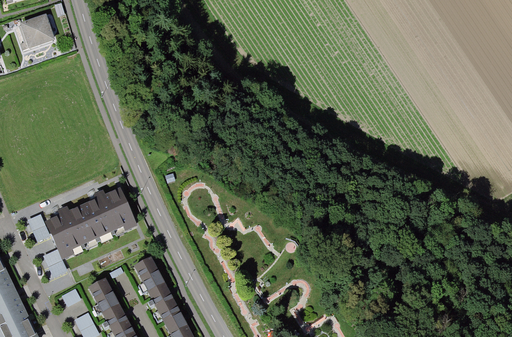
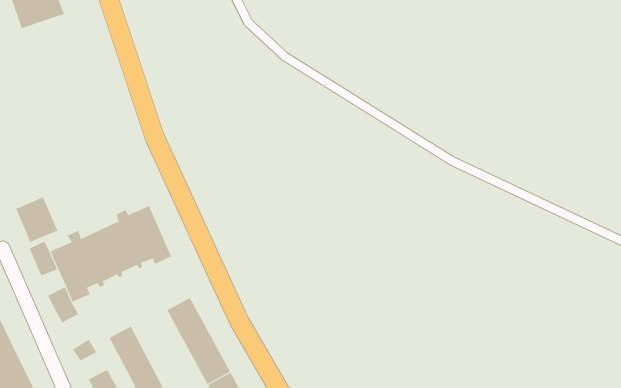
building: none -> [15,196,58,243]

